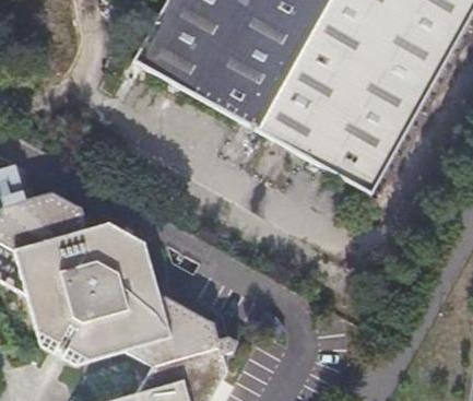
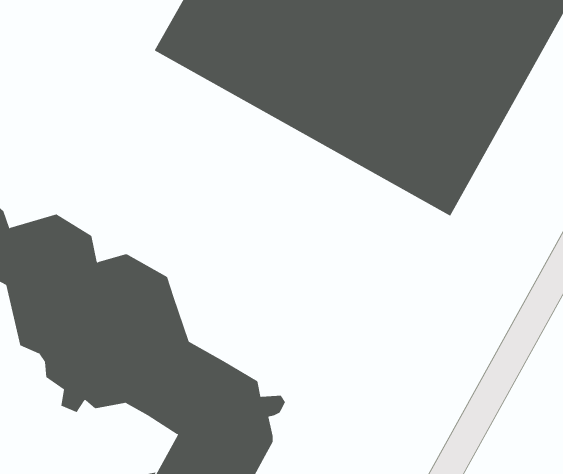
building: [27,296,129,366] -> none

